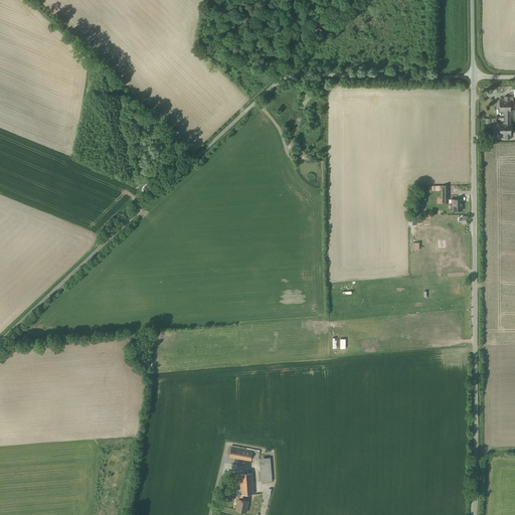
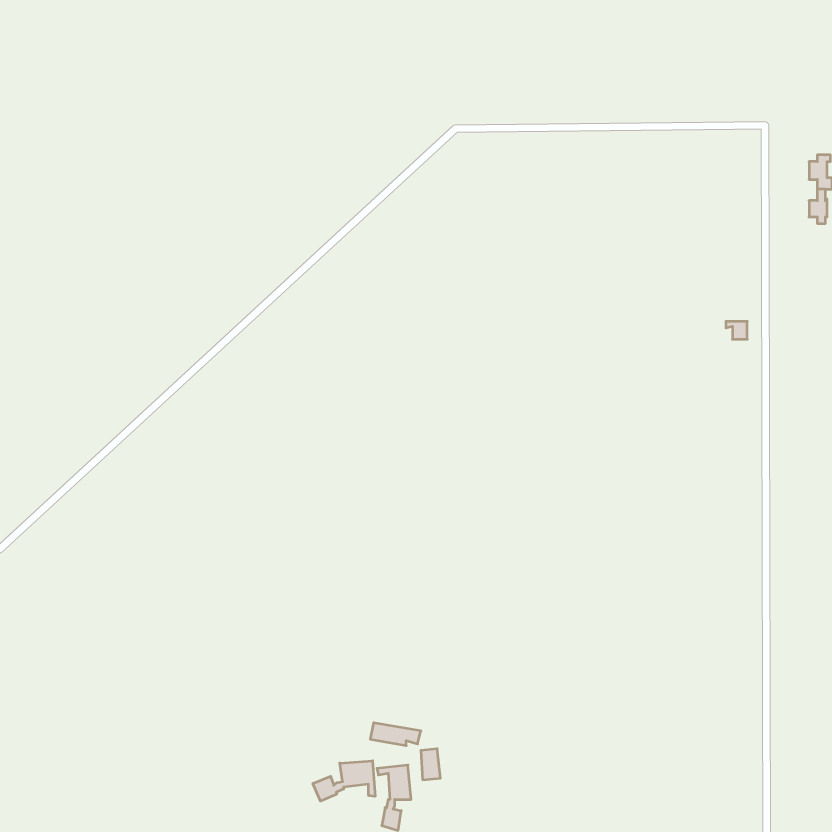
building: none -> [313,761,375,801]

